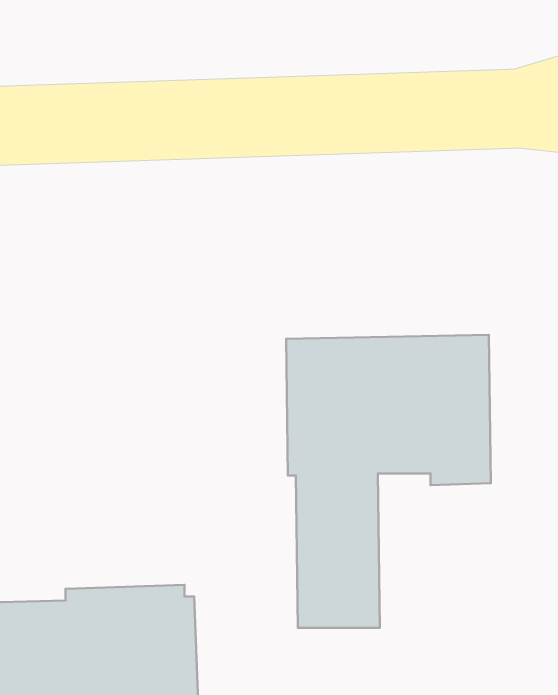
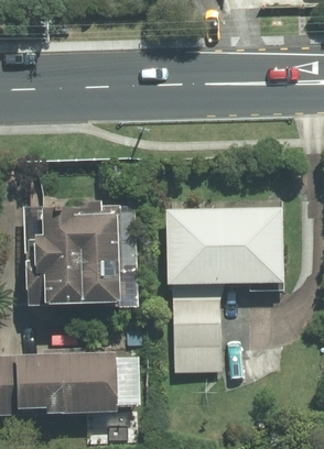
building: none -> [26,202,122,309]

